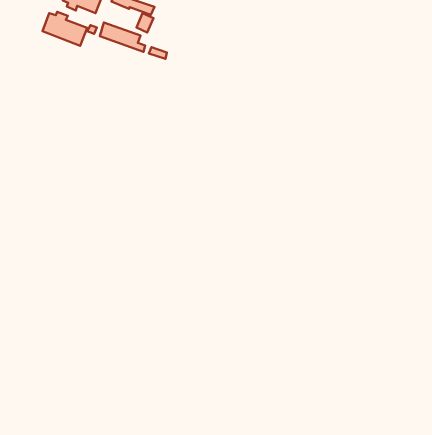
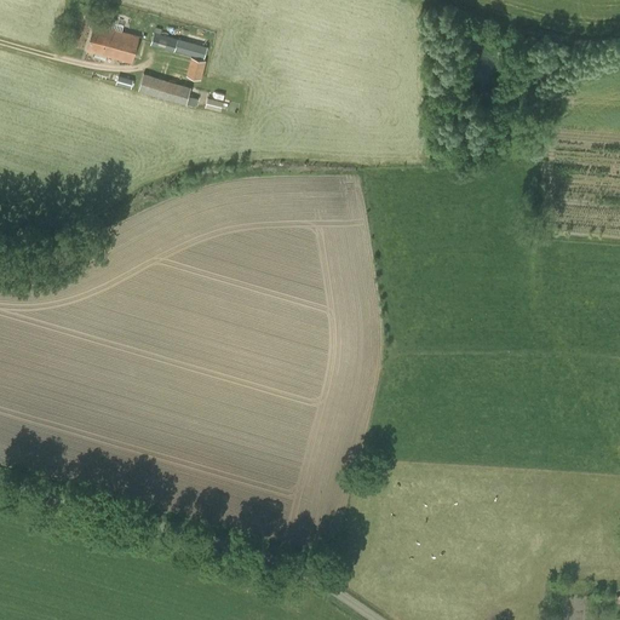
building: [42,12,87,46] -> none

